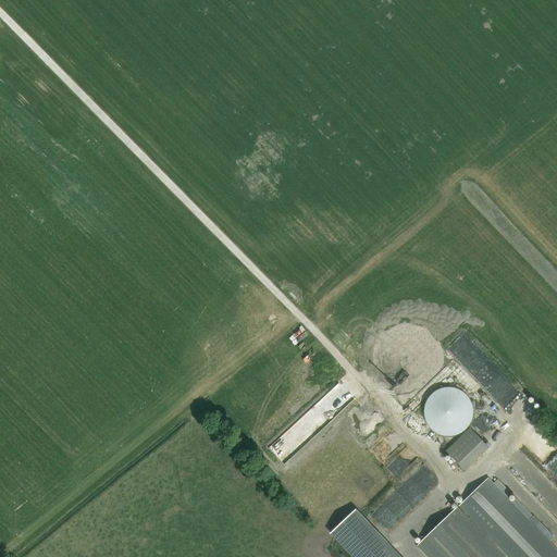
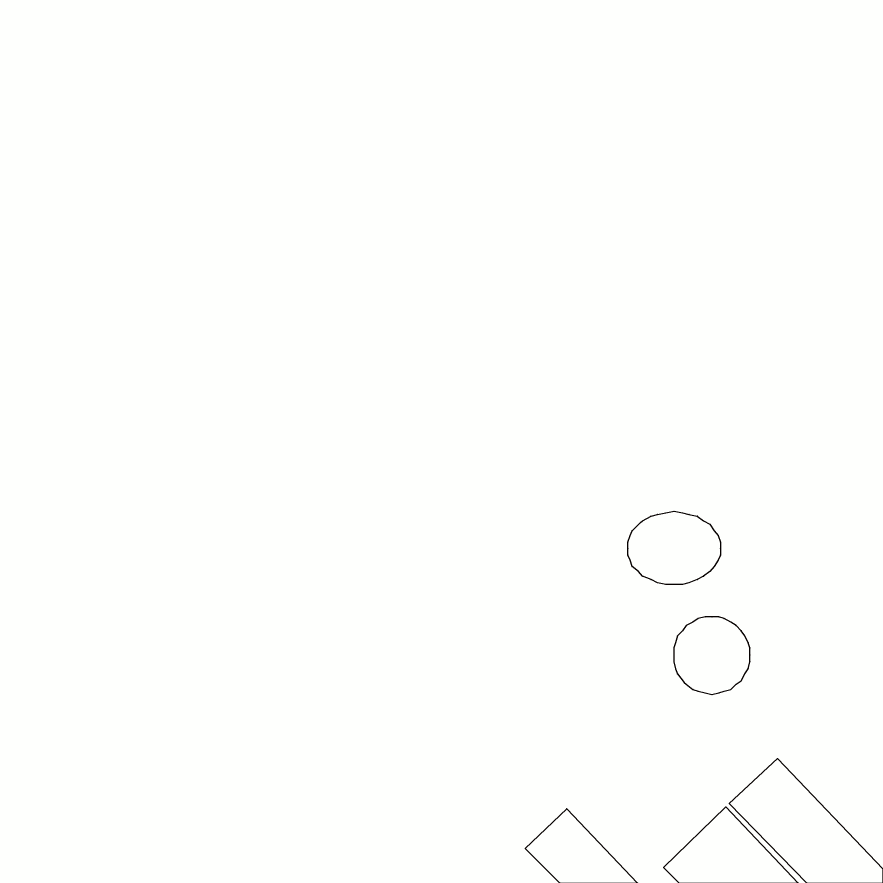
building: none -> [628,511,720,584]
building: [446,428,490,471] -> none

